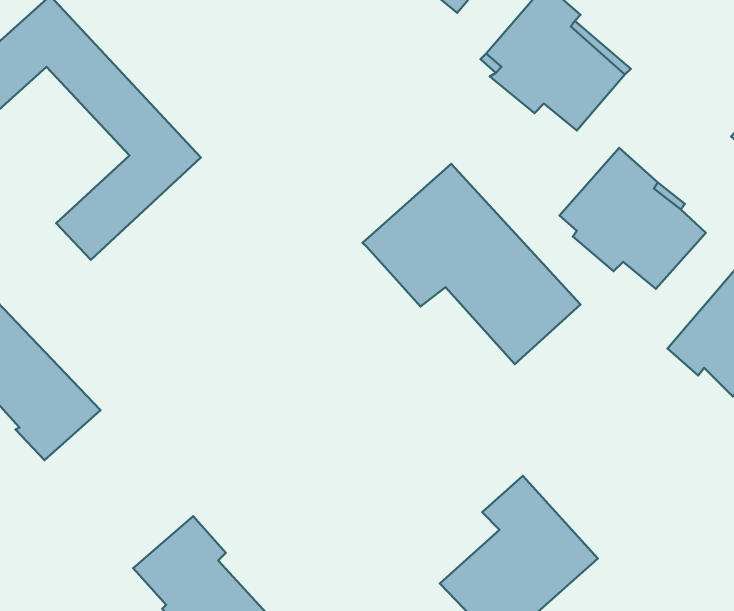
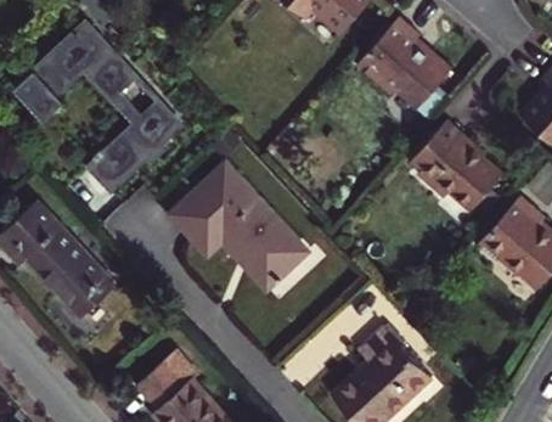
building: [363,164,580,364] -> [169,163,306,289]

